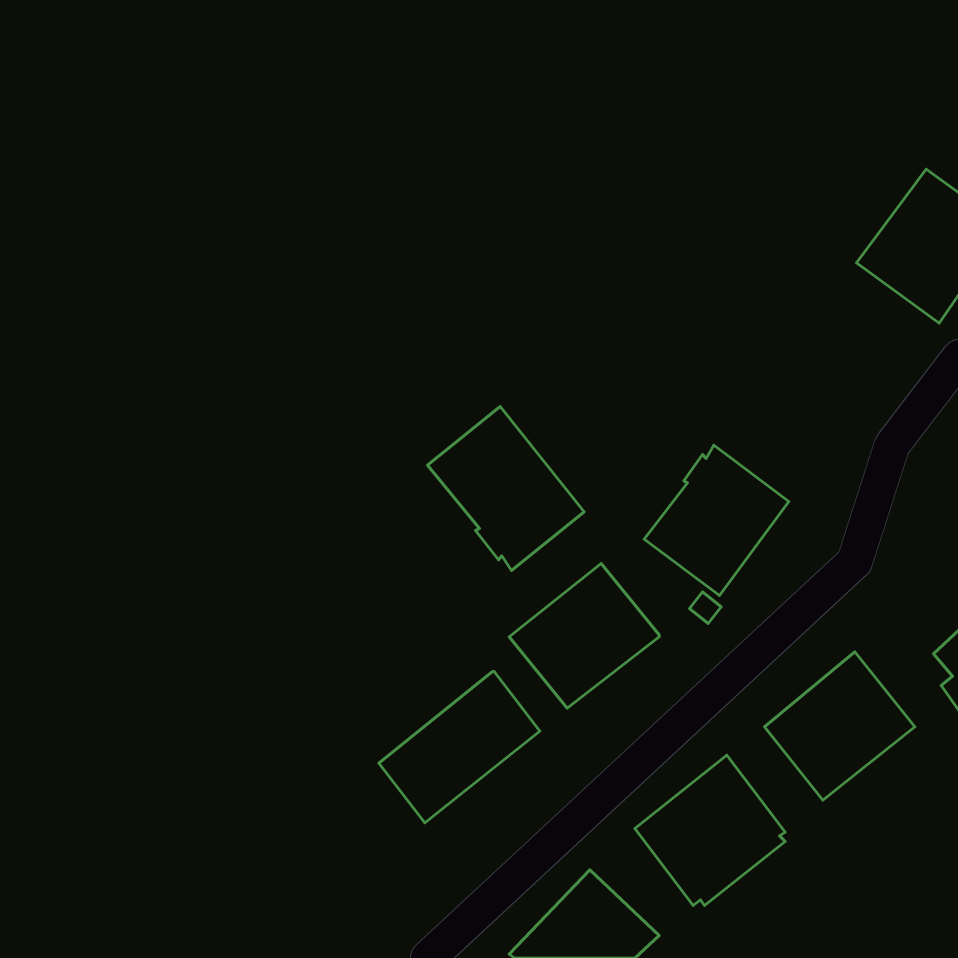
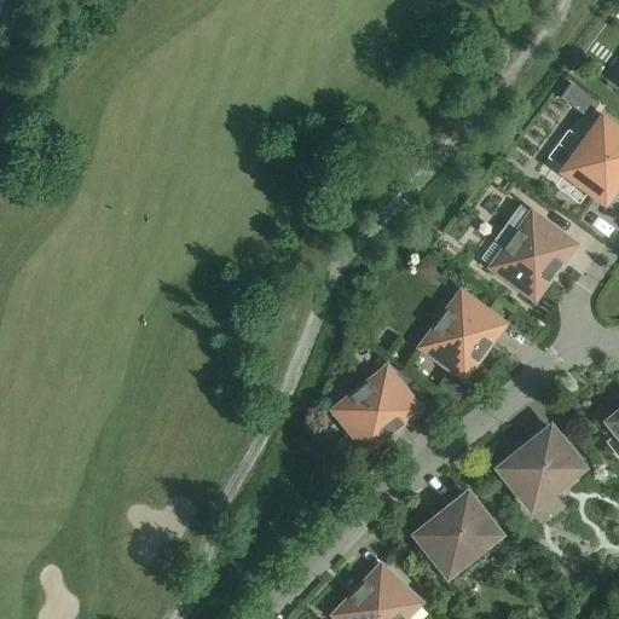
building: none -> [486,204,580,303]
building: [427,406,584,571] -> none
building: [379,671,540,823] -> none

